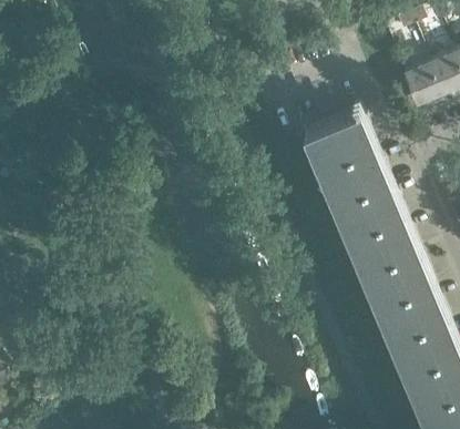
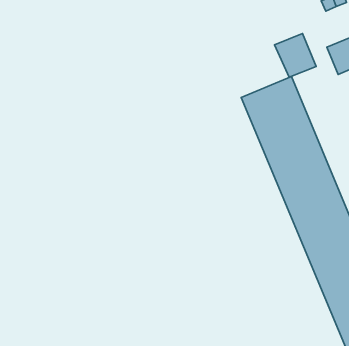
building: none -> [275,33,316,77]

